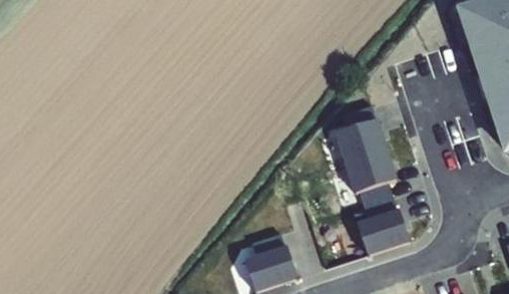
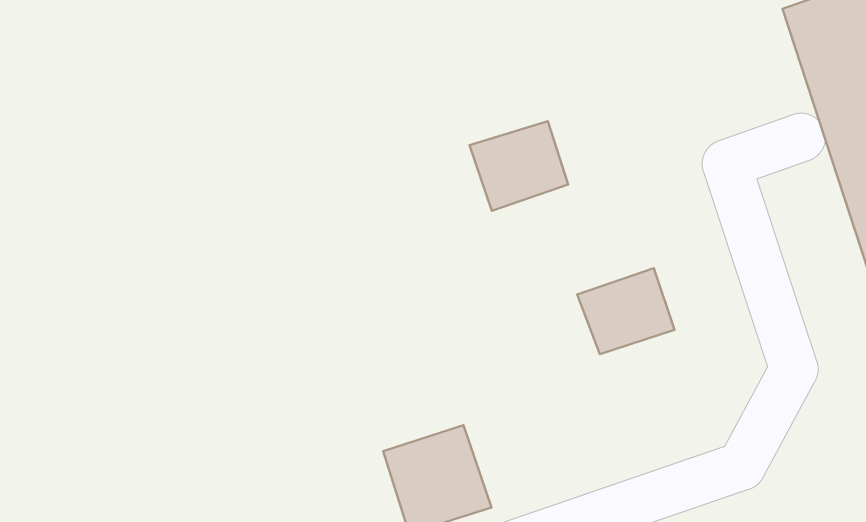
building: [334,114,387,163] -> [469,121,568,211]
building: [357,208,410,254] -> none

